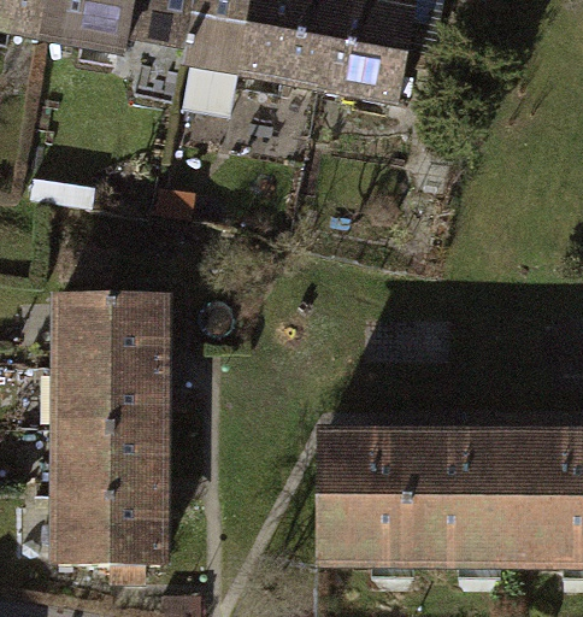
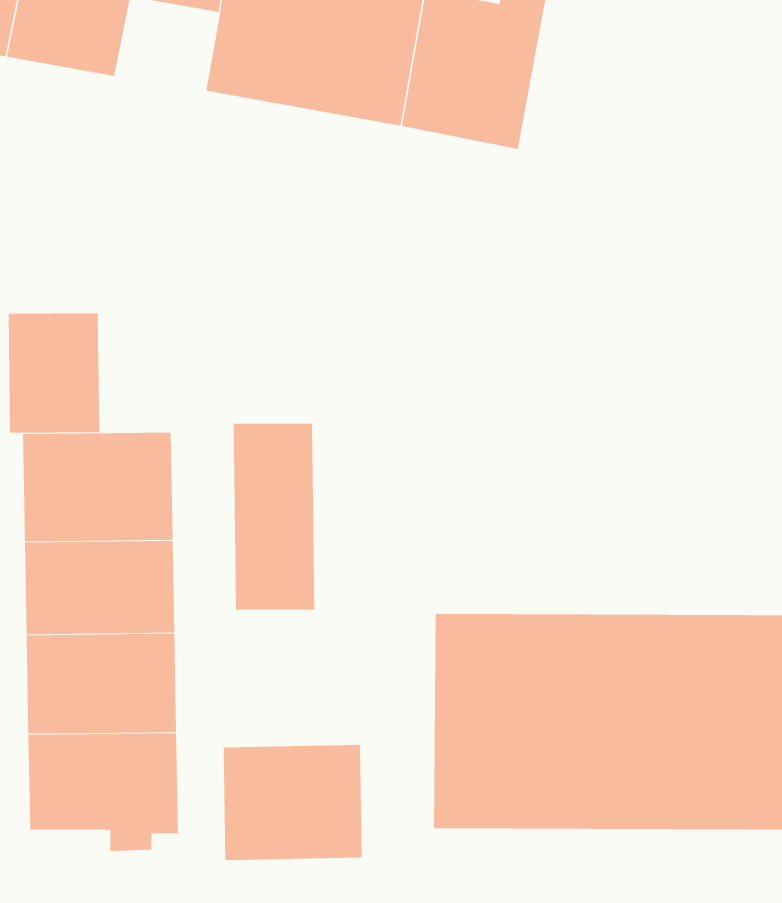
building: none -> [8,313,100,433]
building: none -> [233,423,315,611]
building: none -> [223,744,362,861]

